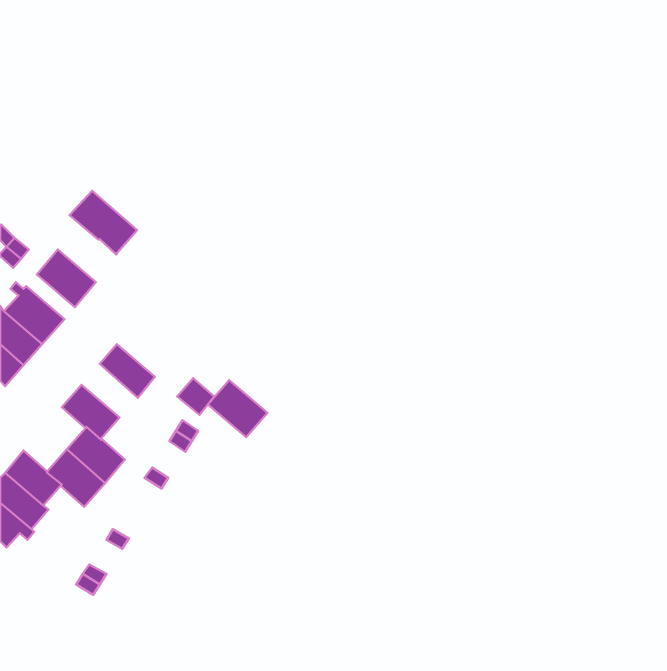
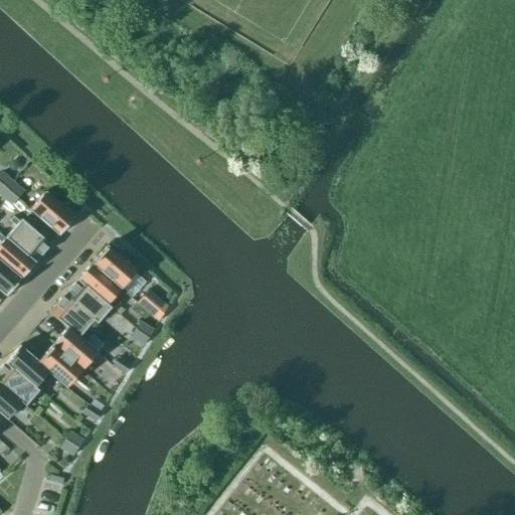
building: [70,191,137,254] -> none
building: none -> [93,245,138,289]
building: none -> [65,279,113,324]
building: [208,380,267,437] -> none

